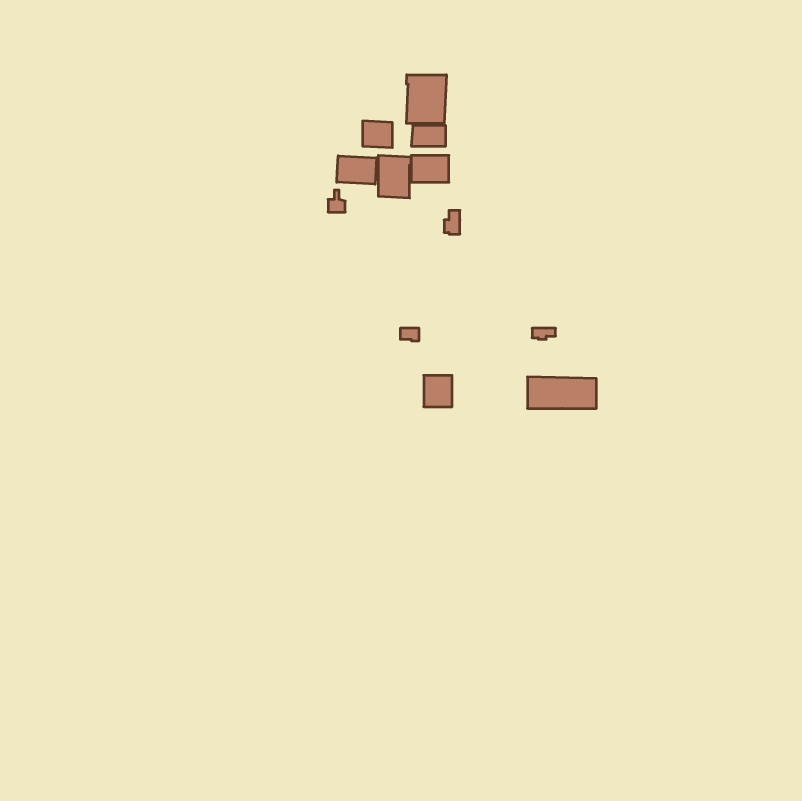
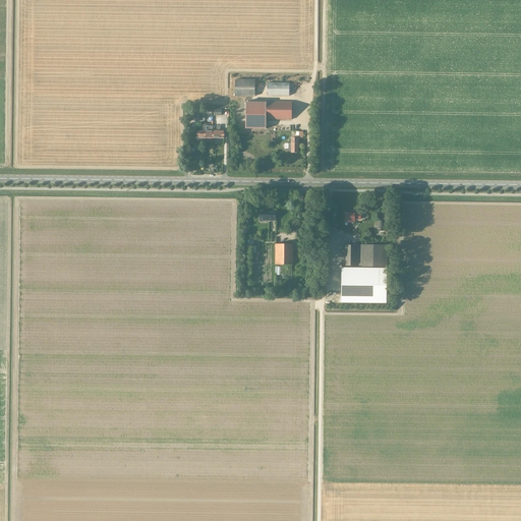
building: [406,75,446,123] -> none
building: [337,156,376,184] -> none
building: none -> [341,265,387,302]

